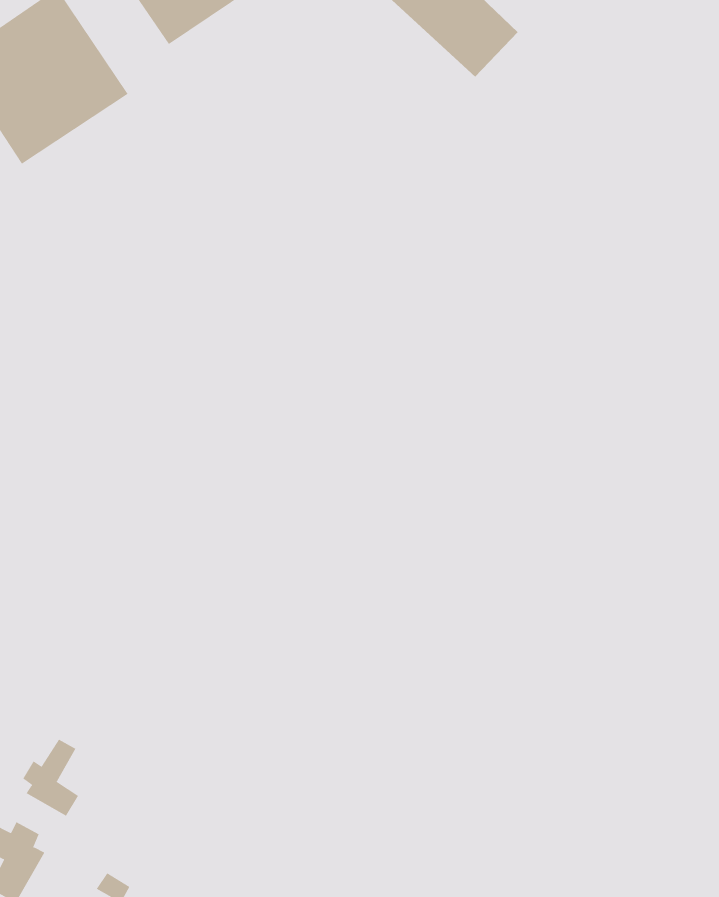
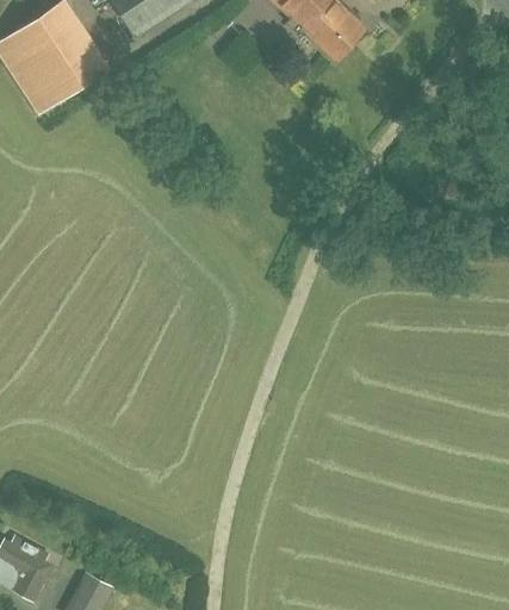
building: [22,739,79,816] -> none

